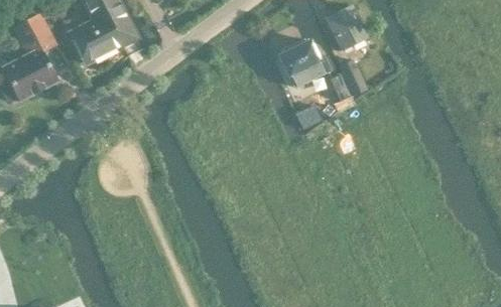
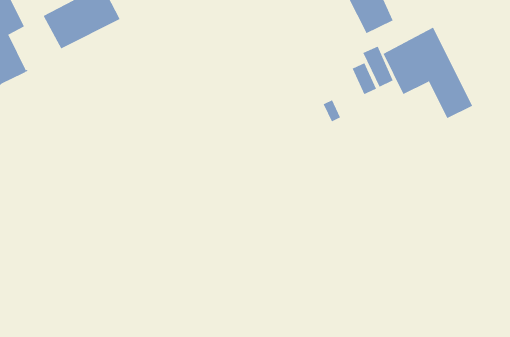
building: [280,40,330,87] -> none
building: none -> [383,27,473,119]

